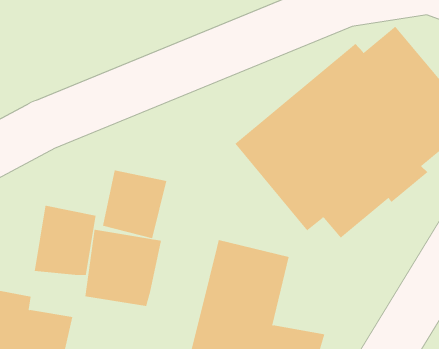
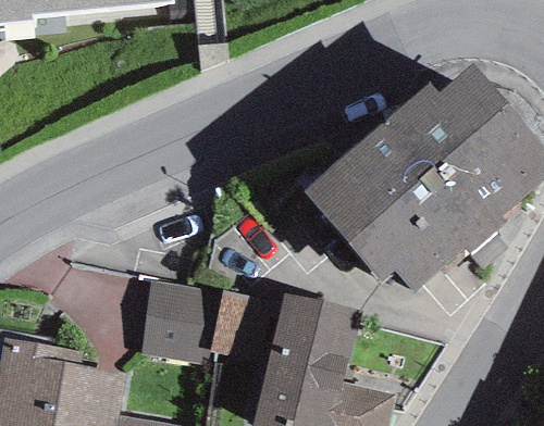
building: [102,170,167,239] -> [211,290,281,364]
building: [34,205,96,276] -> none

